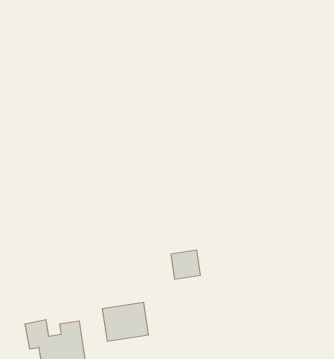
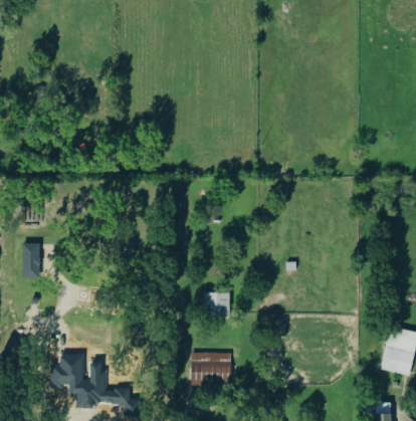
building: [102,303,149,341] -> [189,354,229,385]

